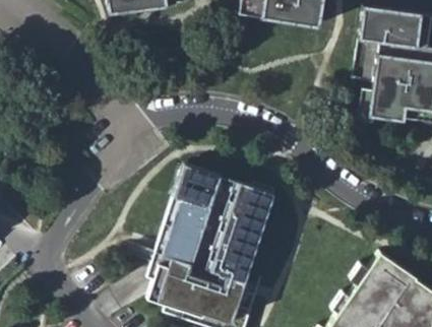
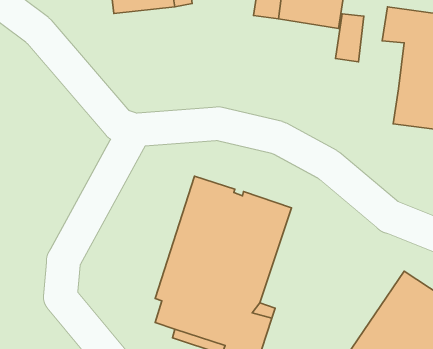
building: [354,40,380,84] -> [336,14,364,62]

